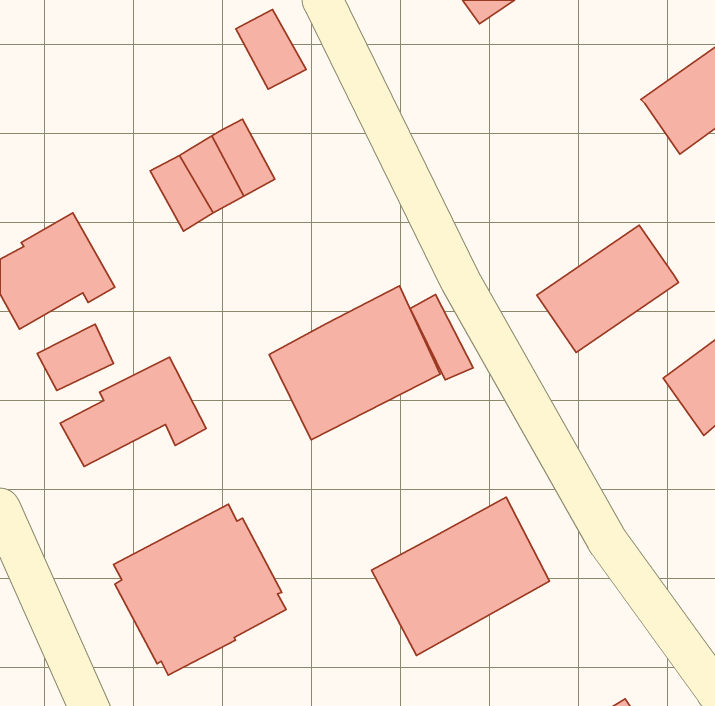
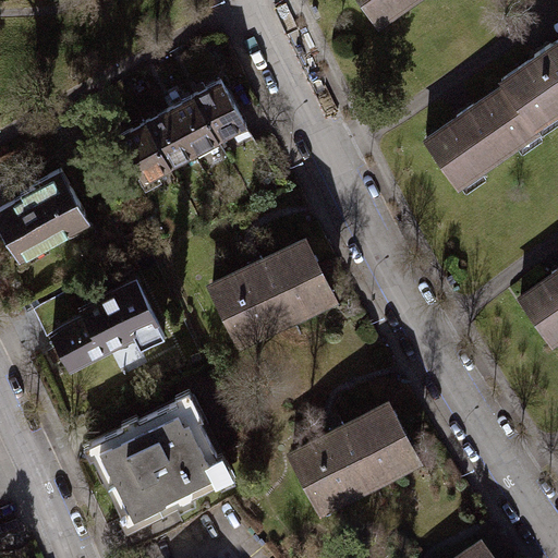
building: [236,9,306,89] -> [190,85,244,147]
building: [537,225,679,353] -> [423,88,533,187]
building: [410,294,473,380] -> none
building: [37,324,113,390] -> none

